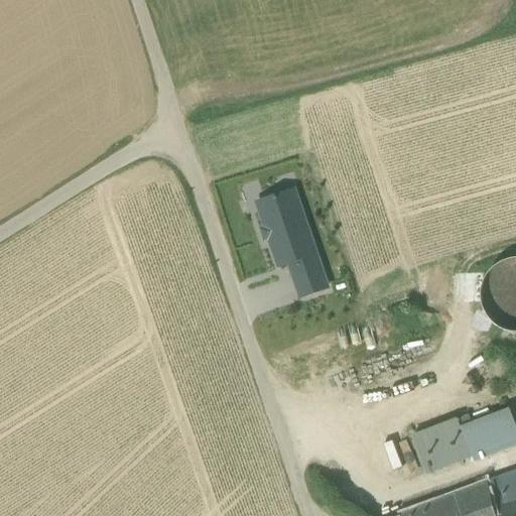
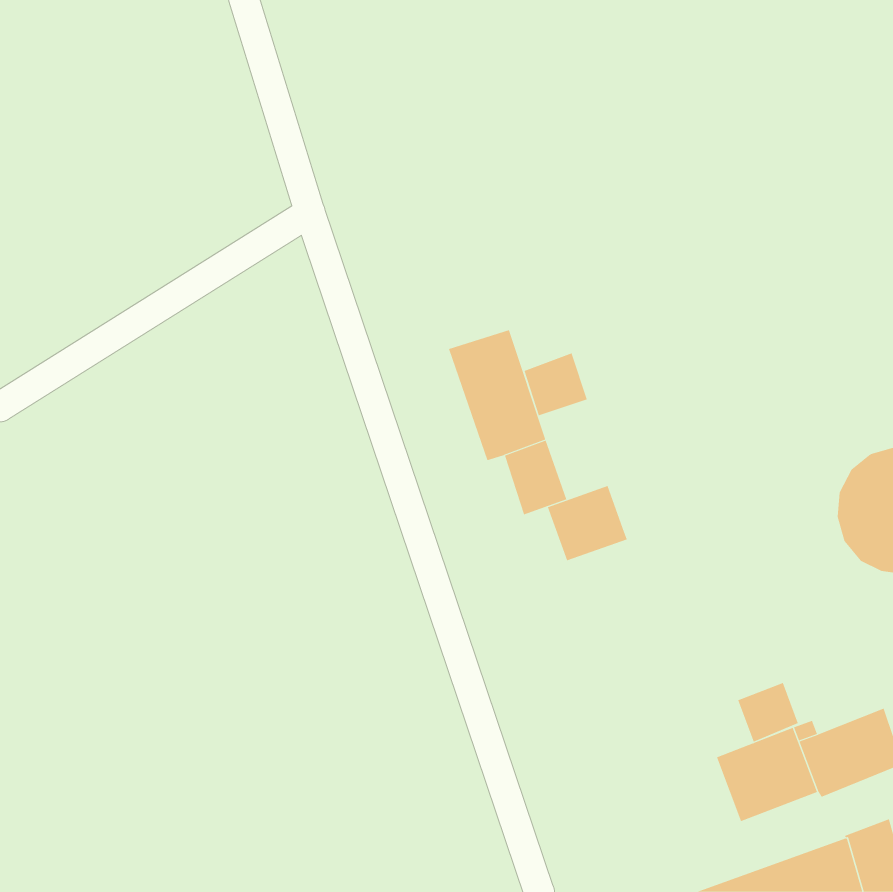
building: none -> [524,353,587,416]
building: none -> [547,485,628,561]
building: none -> [737,682,798,743]

